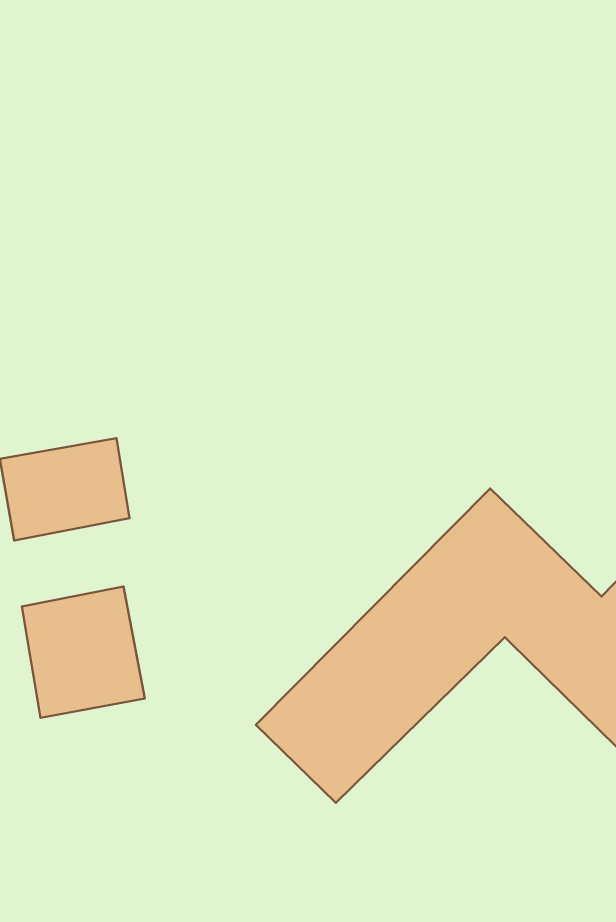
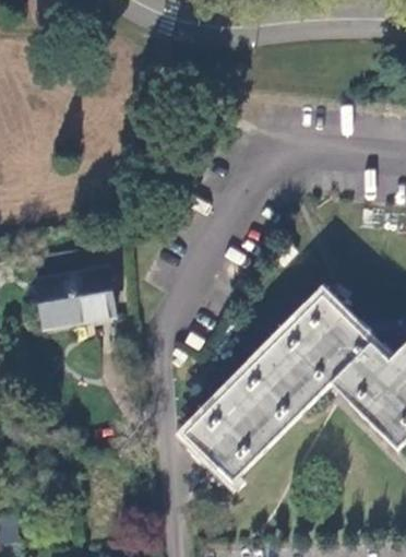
building: [22,587,145,718] -> none

